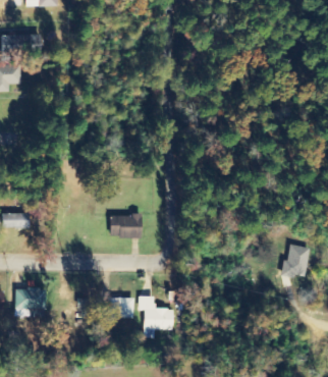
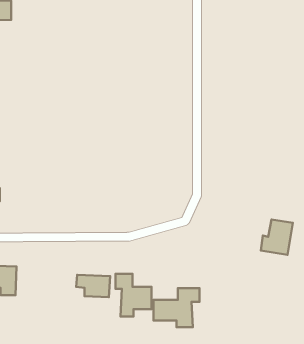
building: [109,214,141,237] -> none
building: none -> [153,288,200,327]

